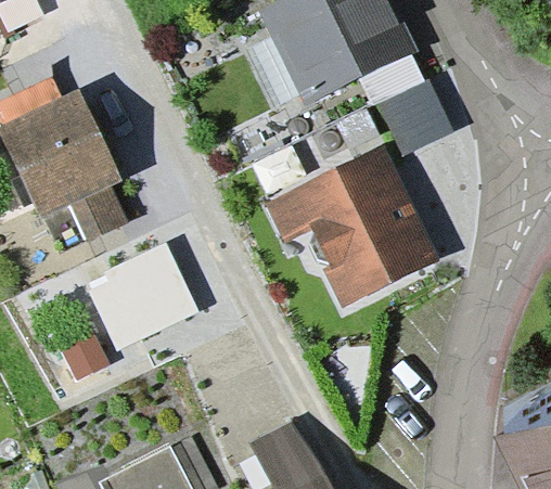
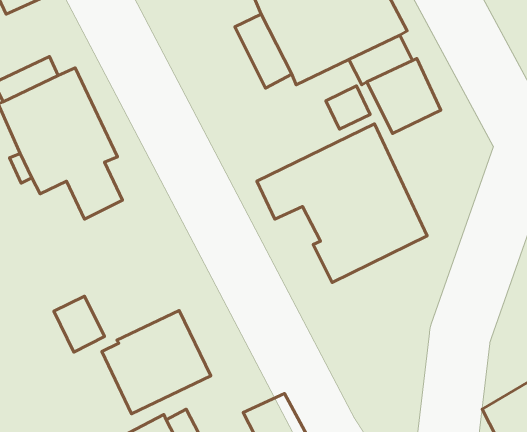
building: [87,243,198,349] -> [102,310,211,414]

